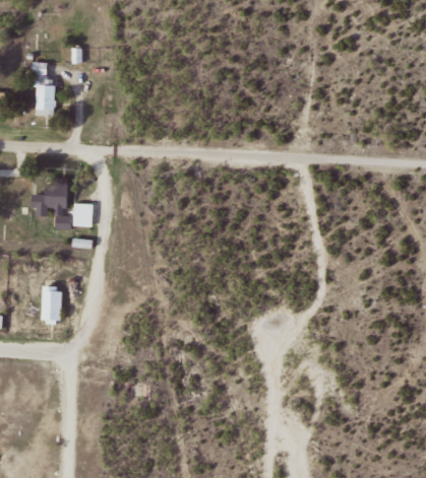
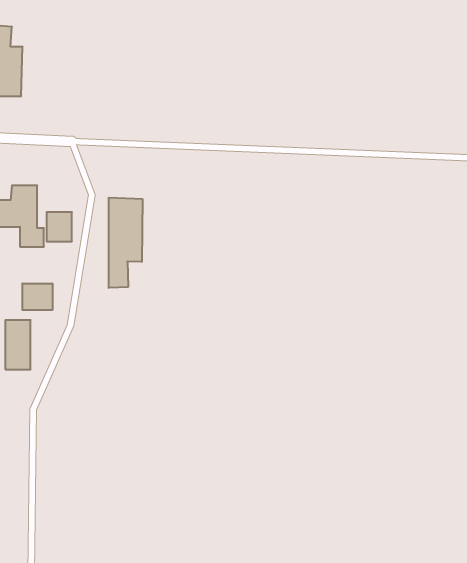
building: none -> [109,198,142,288]
building: none -> [22,283,52,310]

